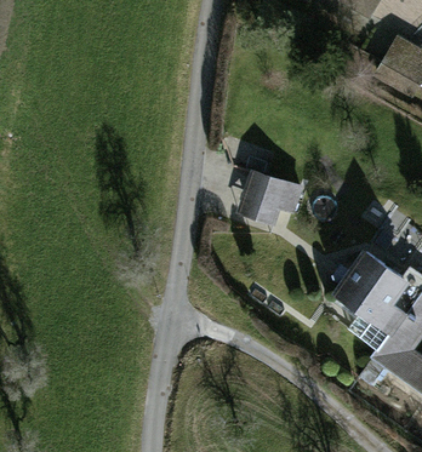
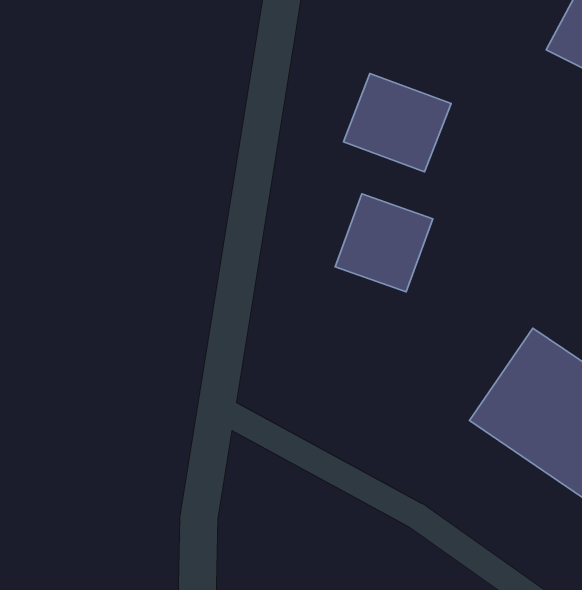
building: none -> [343,74,451,172]

